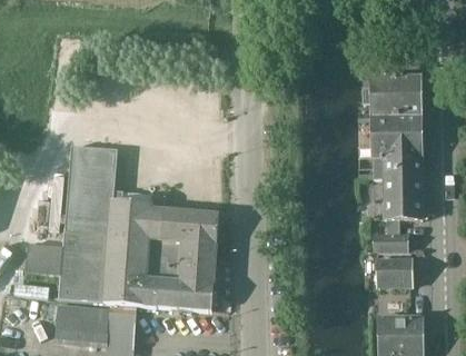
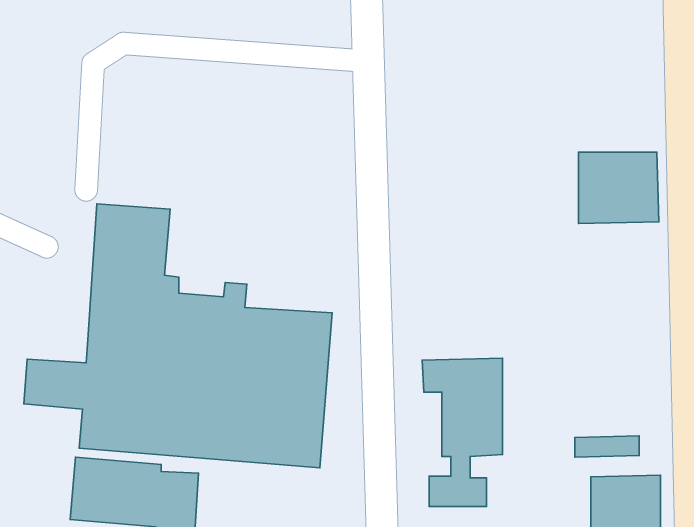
building: [363,76,420,115] -> none
building: [371,158,422,250] -> [422,358,502,506]
building: [377,257,404,287] -> none

